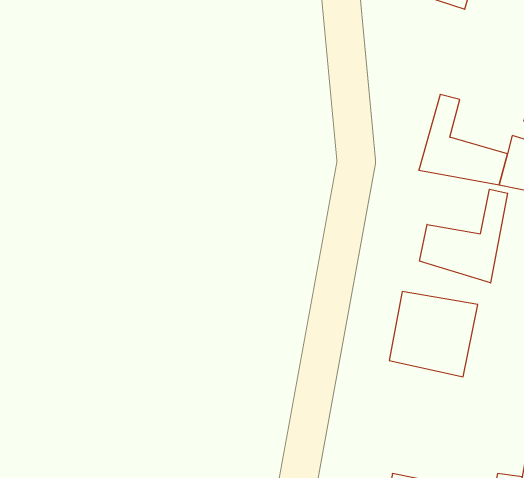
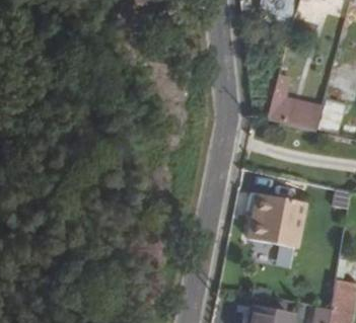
building: [420,189,508,283] -> none

